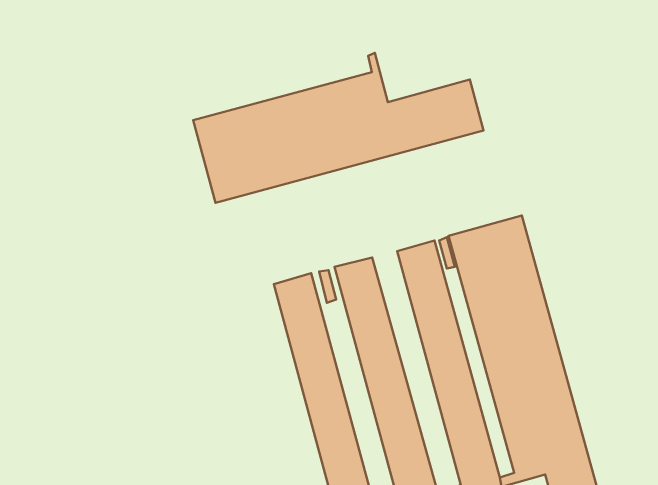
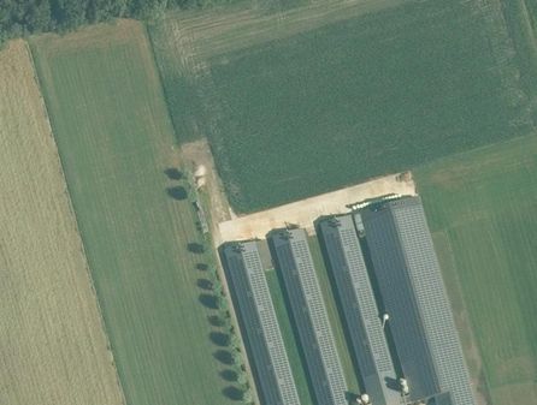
building: [193,53,484,203] -> none

